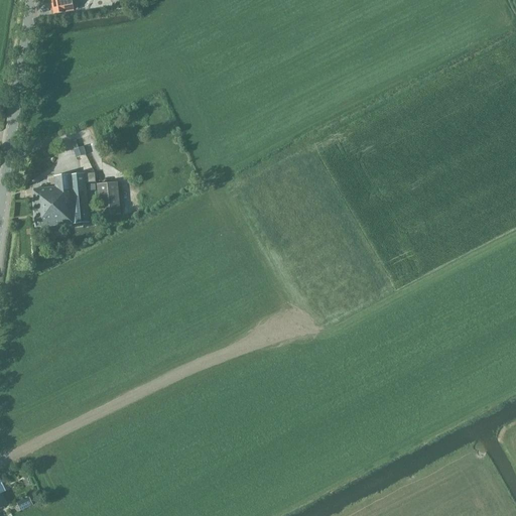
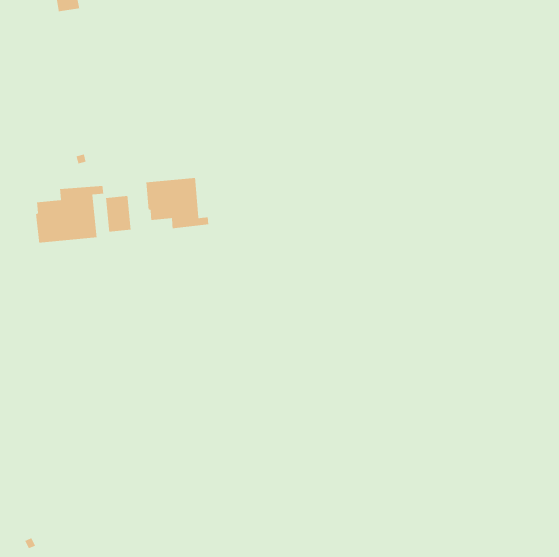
building: none -> [146,177,209,229]

